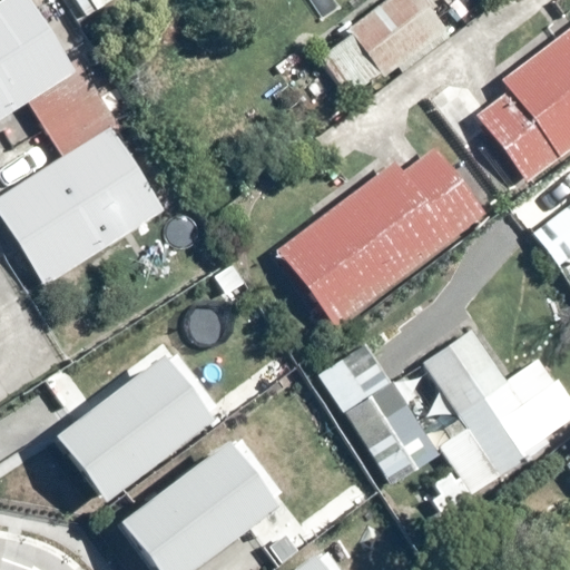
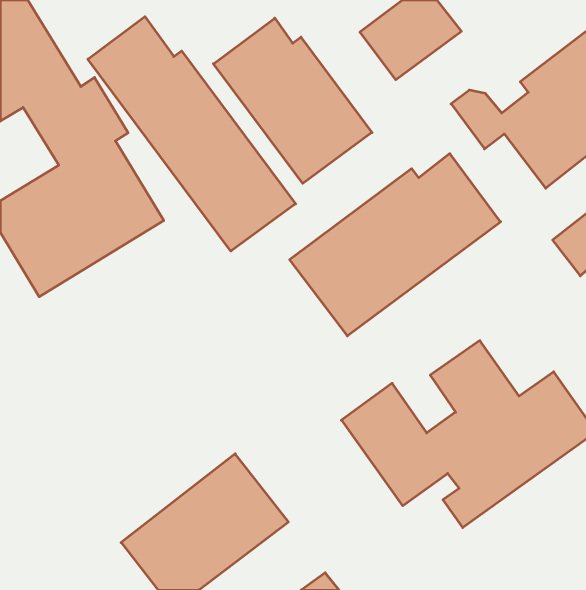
building: none -> [88,17,296,251]
building: none -> [213,18,372,183]
building: [53,350,217,503] -> none

